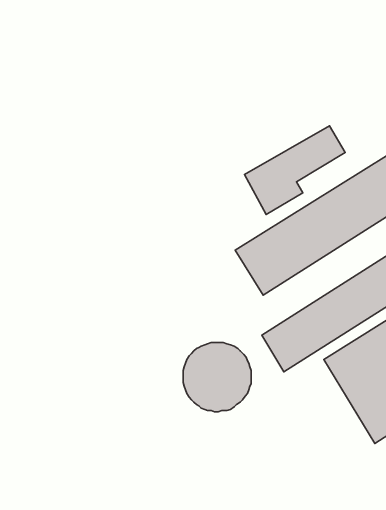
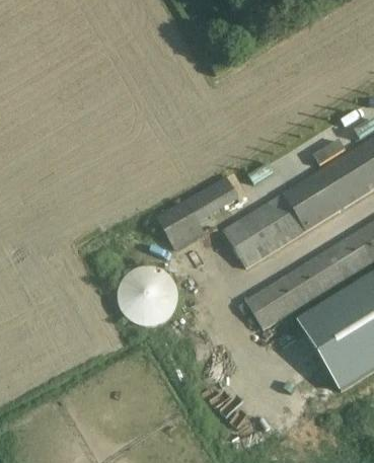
building: [244,126,345,215] -> [157,176,241,250]
building: [183,342,251,412] -> [121,267,177,325]

